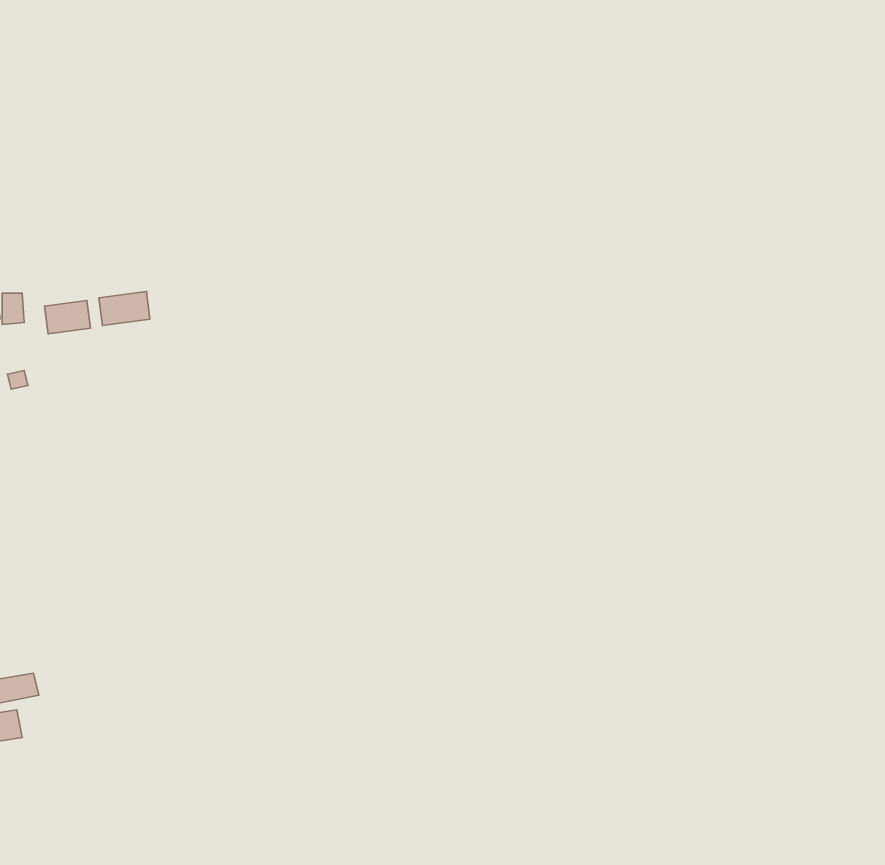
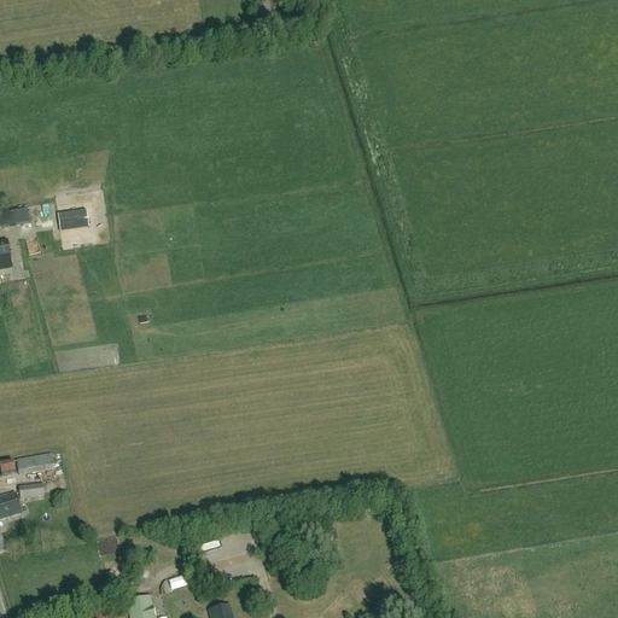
building: [99,291,150,325] -> none

